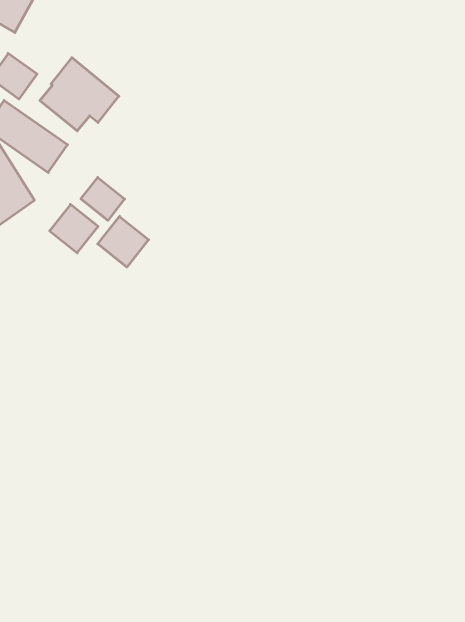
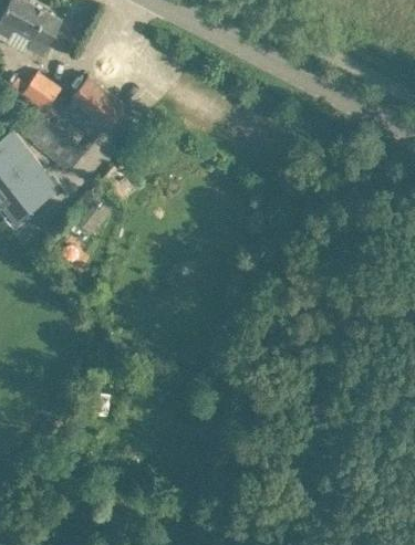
building: [81,177,125,220] -> none
building: [98,216,149,267] -> none

